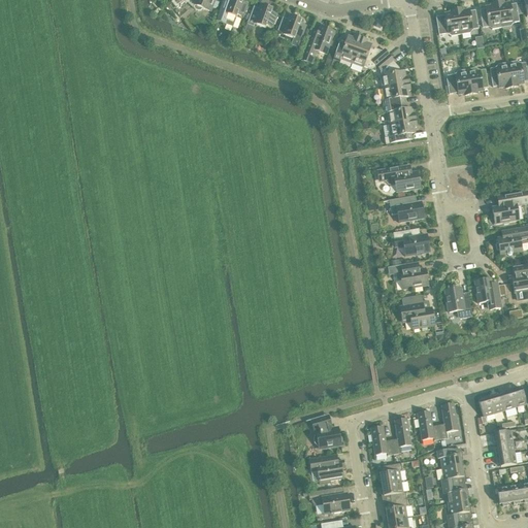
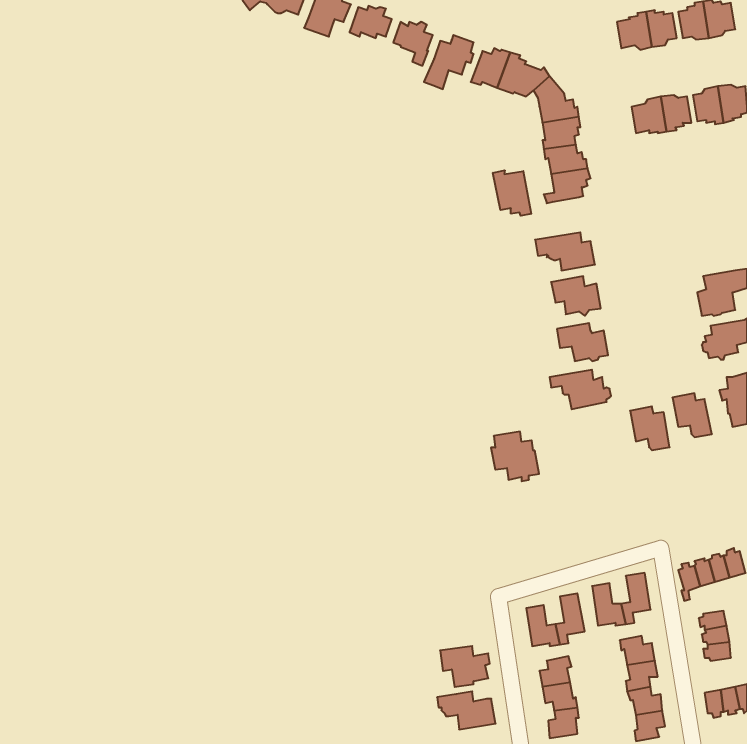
building: none -> [493,170,531,216]
building: [400,294,434,329] -> [491,432,539,481]
building: [312,416,343,449] -> none

